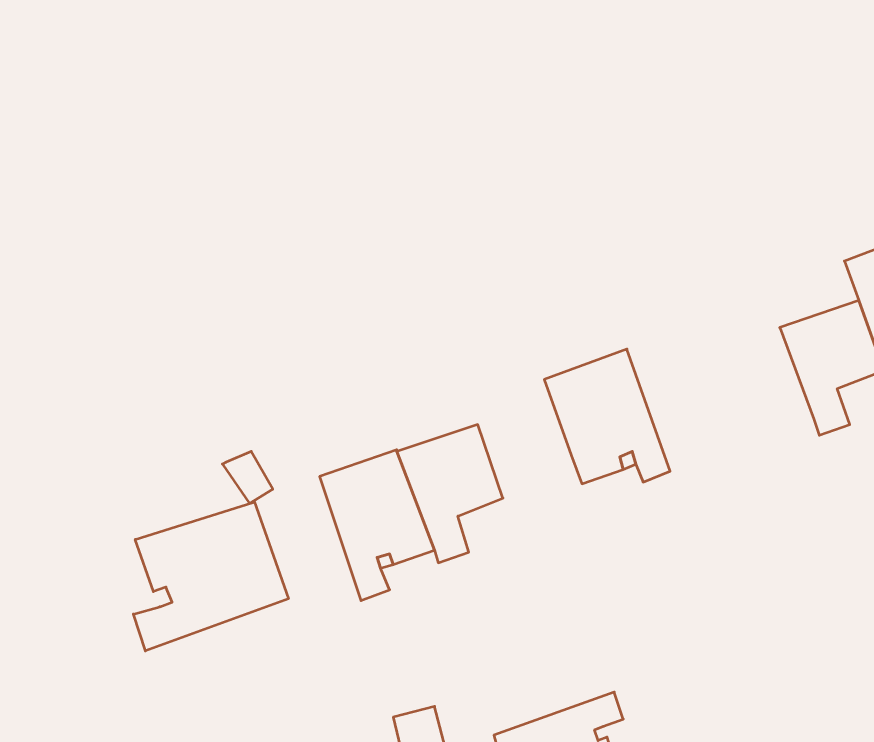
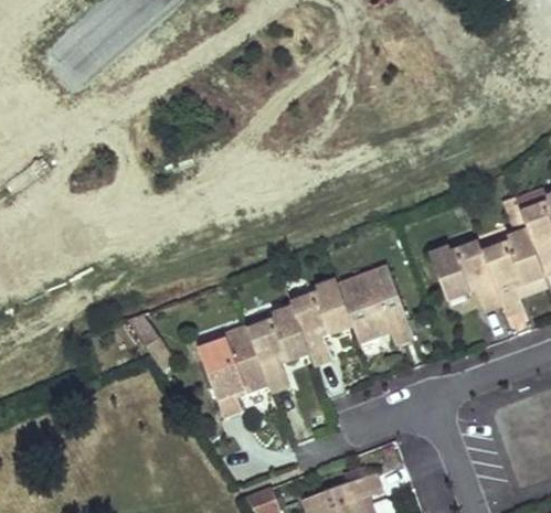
building: none -> [431,237,501,311]
building: none -> [290,281,352,366]
building: [133,501,288,651] -> none

